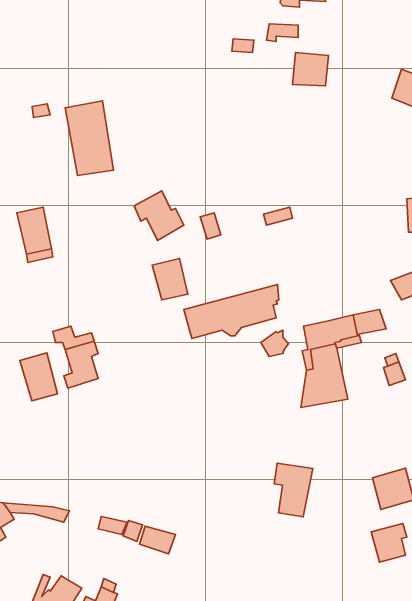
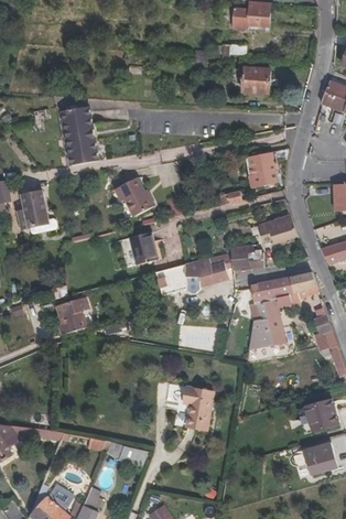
building: none -> [248,149,288,187]
building: none -> [260,214,296,245]
building: none -> [229,245,264,270]
building: [20,353,57,401] -> none
building: [274,463,313,517] -> [183,387,214,430]

